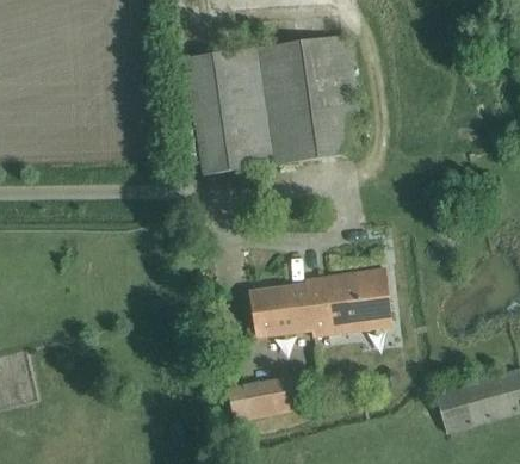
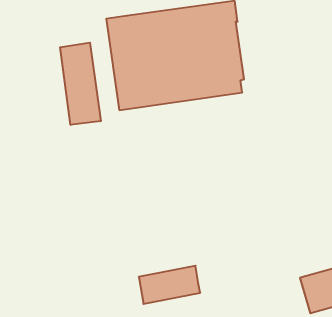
building: none -> [60,43,101,125]
building: [246,268,390,336] -> none

